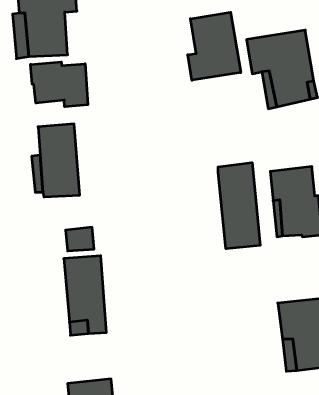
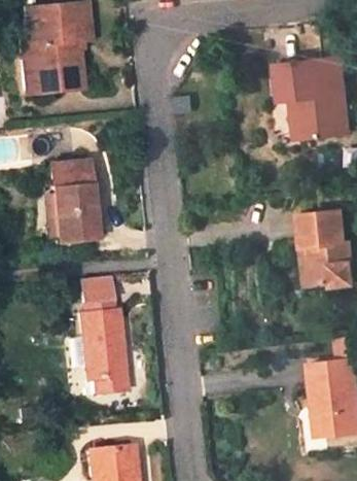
building: [188,12,241,80] -> none
building: [31,62,88,107] -> none
building: [218,163,260,249] -> none

